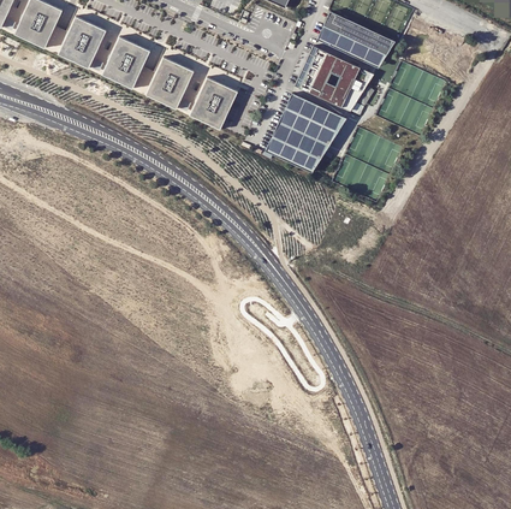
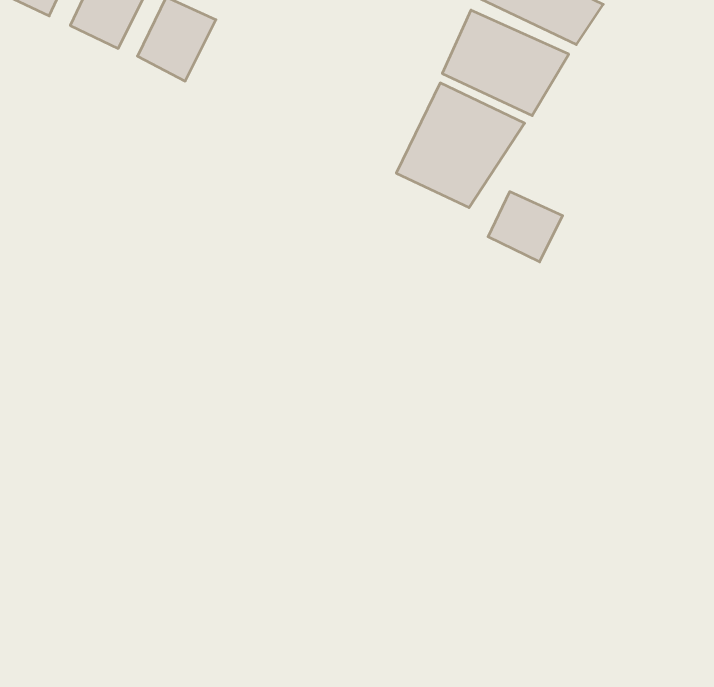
building: [145,57,195,108] -> none
building: [190,77,238,129] -> none
building: none -> [488,192,563,262]

